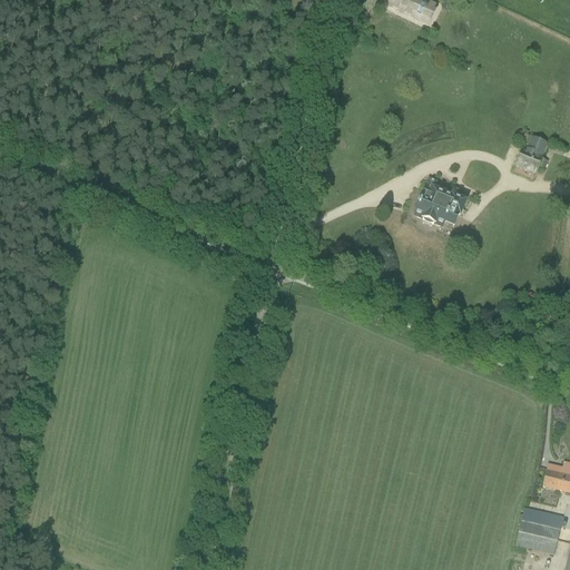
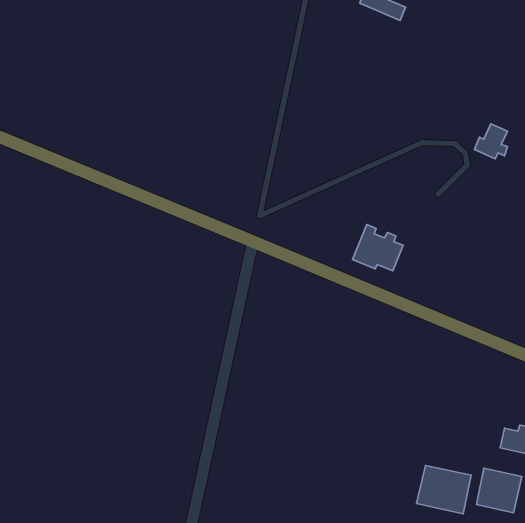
building: [412,176,466,226] -> [353,224,403,271]
building: none -> [417,465,471,514]

